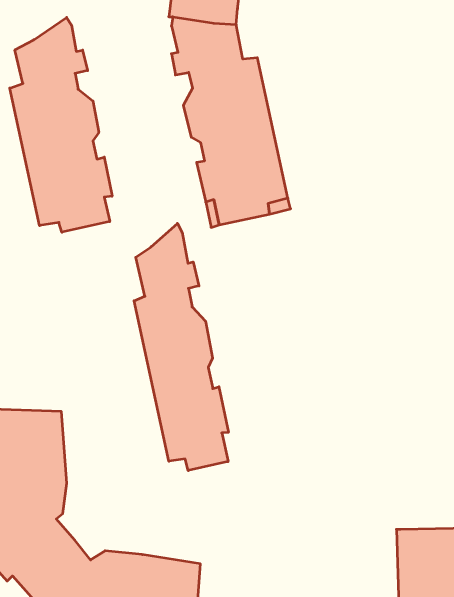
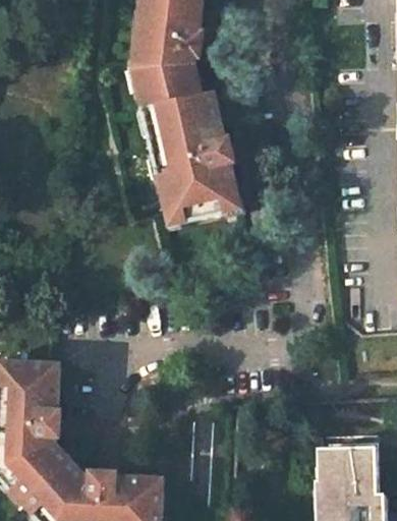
building: [10,17,112,232] -> none
building: [134,223,228,471] -> none

